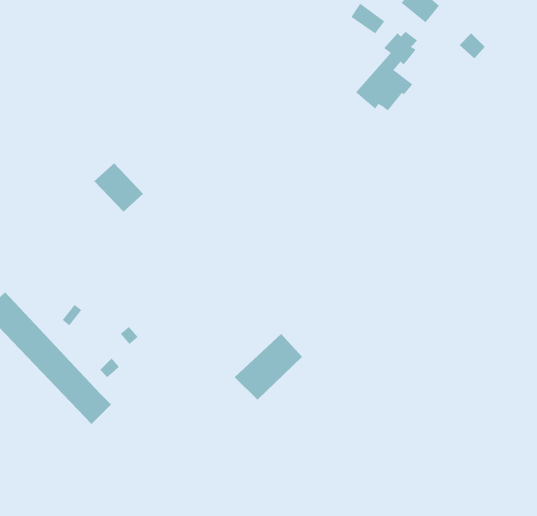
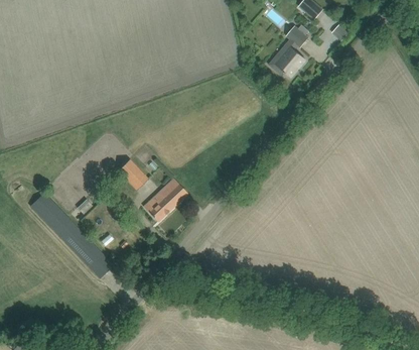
building: [94,162,144,213] -> [116,158,148,191]
building: [234,333,303,401] -> [142,179,186,222]

